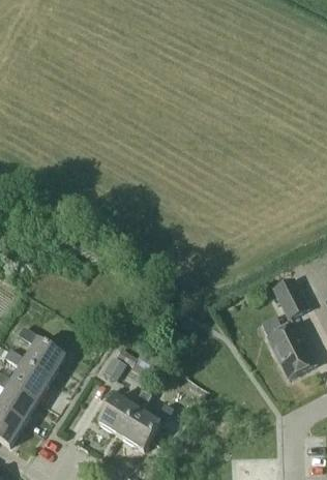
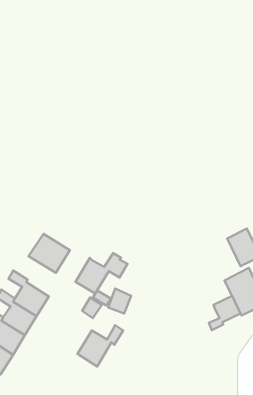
building: none -> [29,234,70,273]
building: none -> [209,296,241,330]
building: [120,402,180,449] -> [76,253,128,294]

